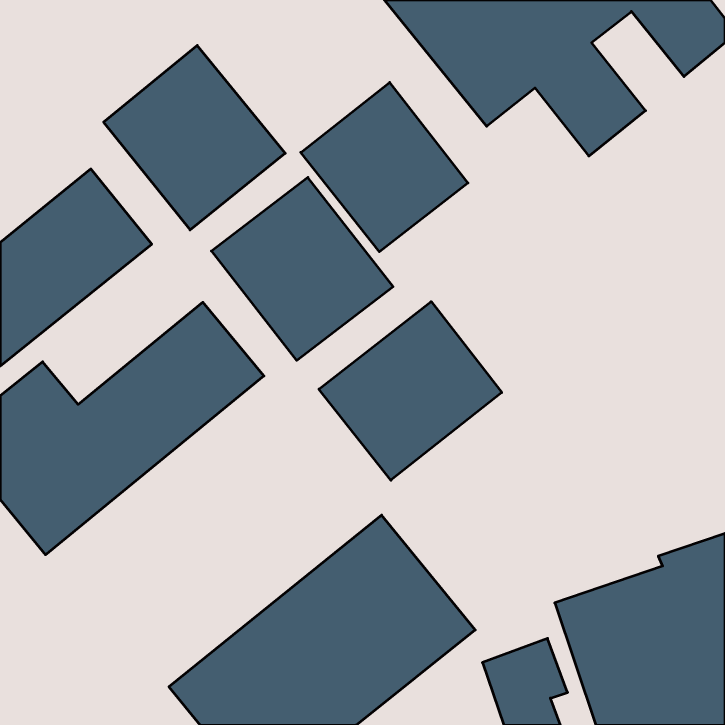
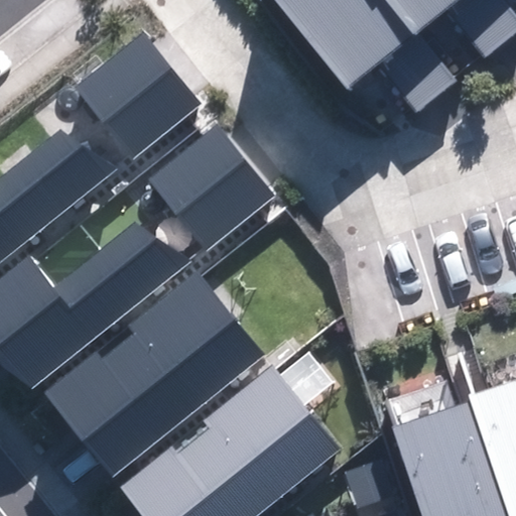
building: [301,82,468,252] -> none
building: [319,302,502,480] -> none
building: none -> [45,273,260,474]

